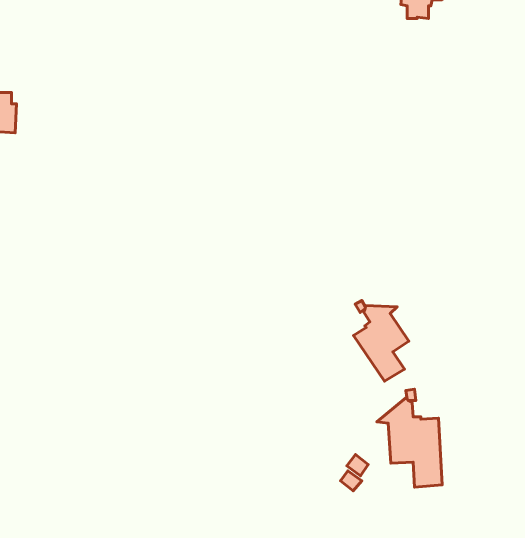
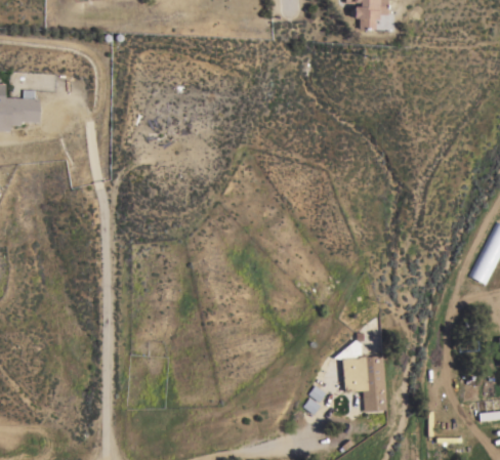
building: [354,301,409,381] -> none

